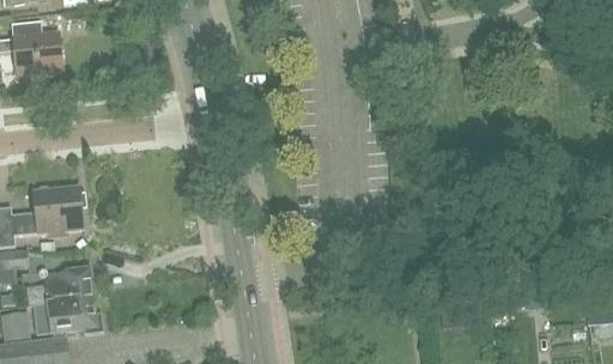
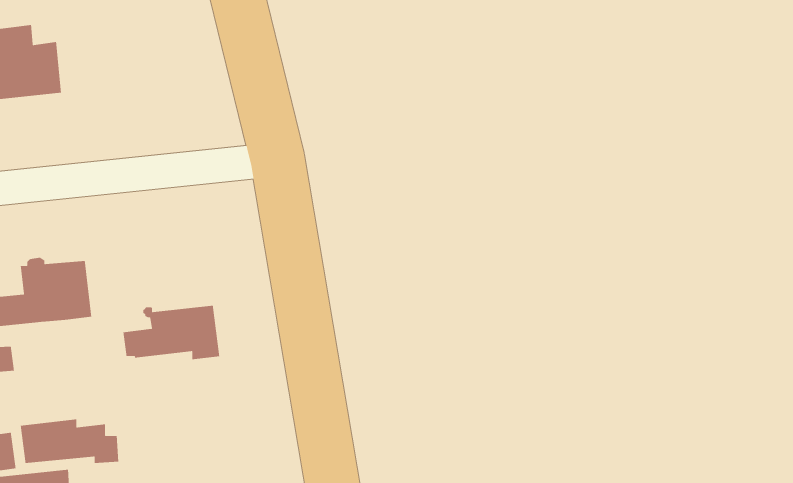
building: [23,267,92,307] -> [122,305,220,360]

